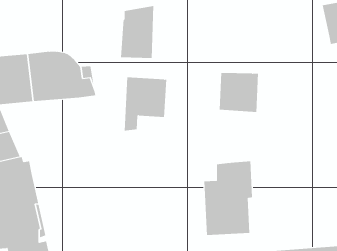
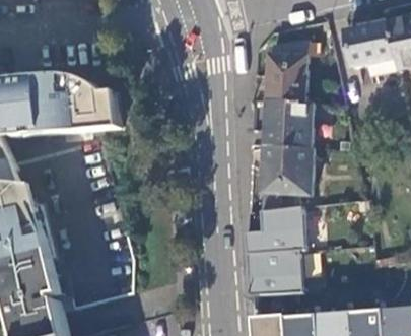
building: none -> [346,20,395,65]
building: [120,6,154,58] -> [266,39,306,102]
building: [124,77,167,131] -> [261,145,313,210]

